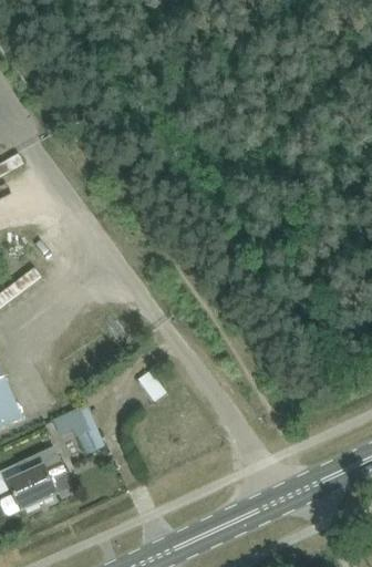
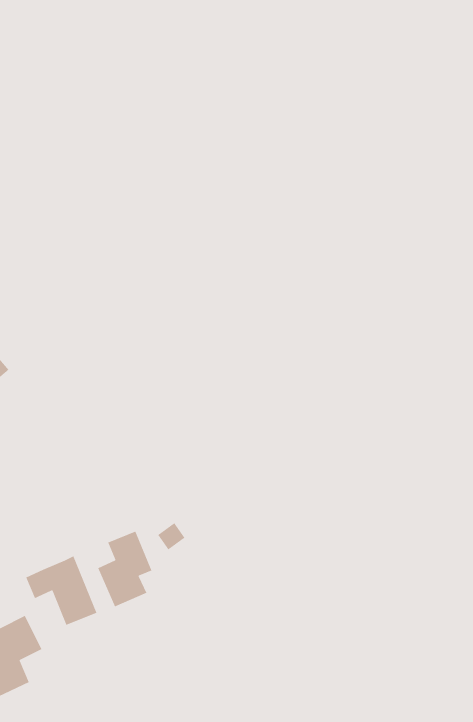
building: none -> [97,530,152,608]

